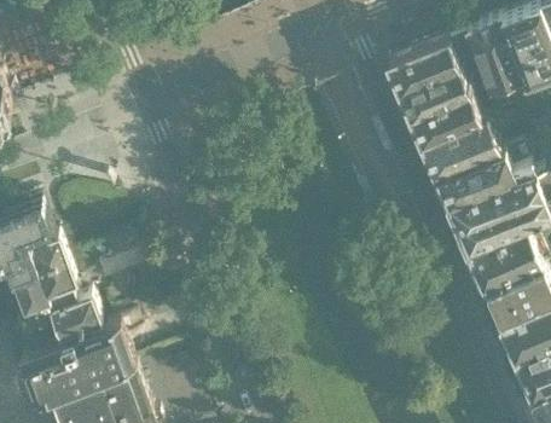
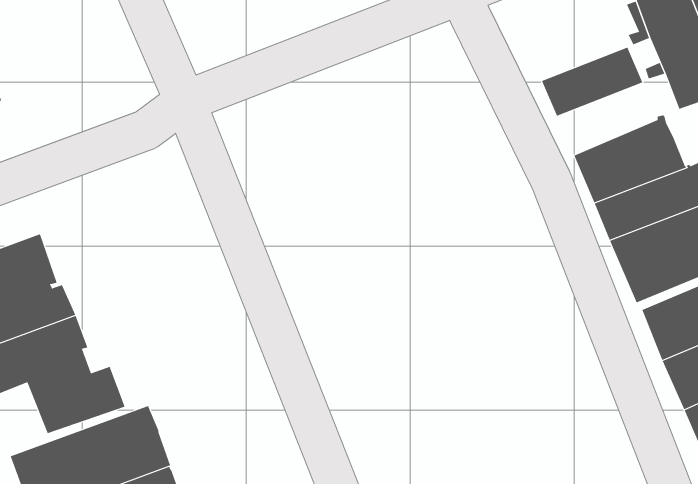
building: [385,46,459,97] -> none
building: [408,98,480,150] -> none

